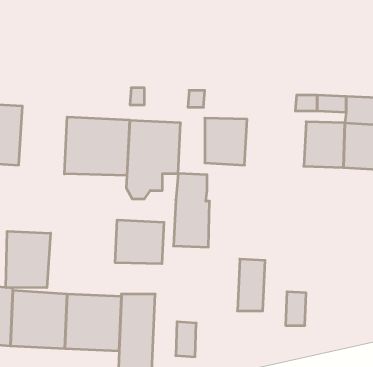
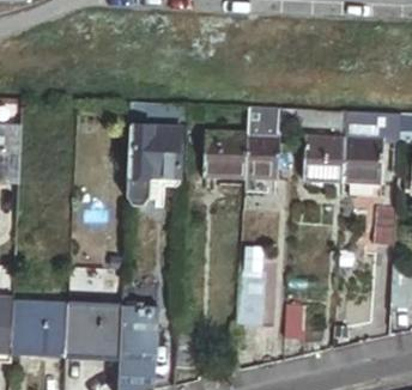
building: [64,117,130,176] -> none
building: [173,174,210,247] -> [246,105,281,178]
building: [115,220,164,264] -> none
building: [6,231,51,288] -> none

